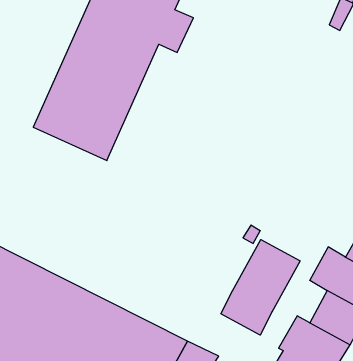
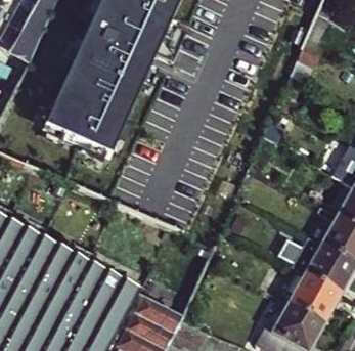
building: [221,240,300,335] -> none

